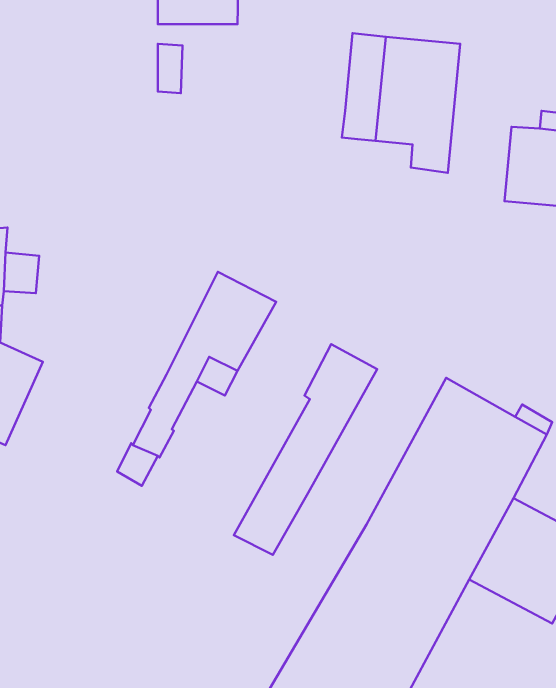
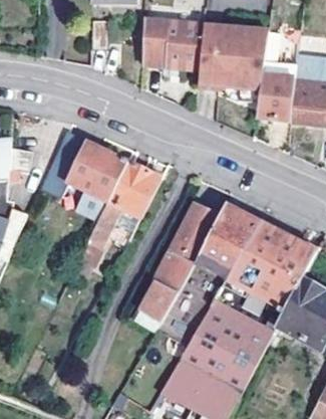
building: none -> [143,17,205,68]
building: none -> [257,30,296,120]
building: none -> [42,130,128,218]
building: none -> [180,203,258,303]

